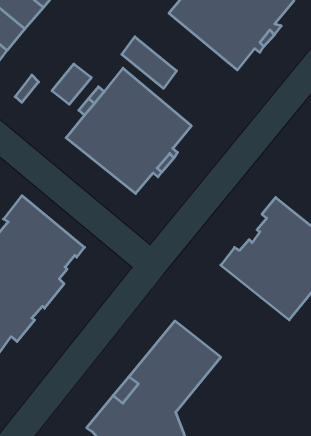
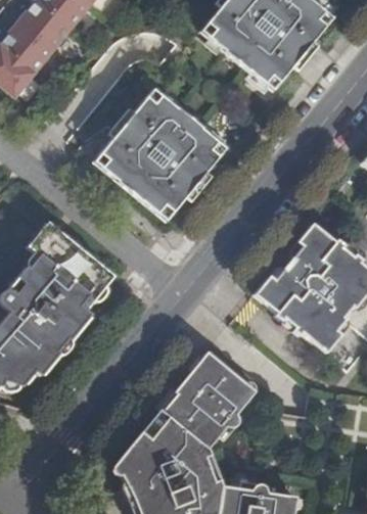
building: [122,37,177,88] -> none
building: [52,64,91,104] -> none

